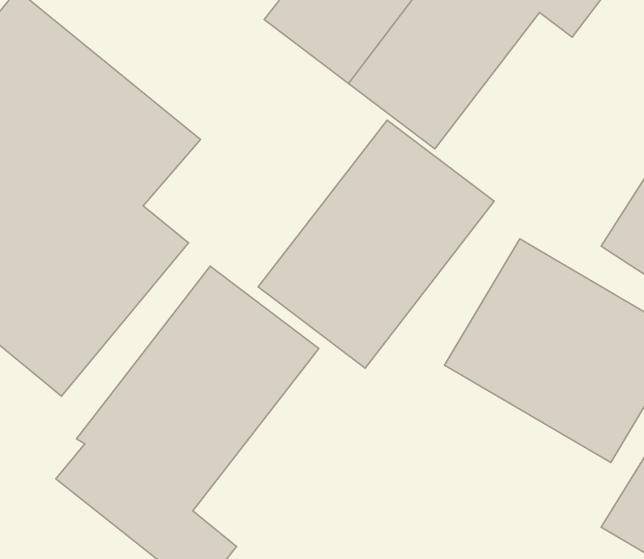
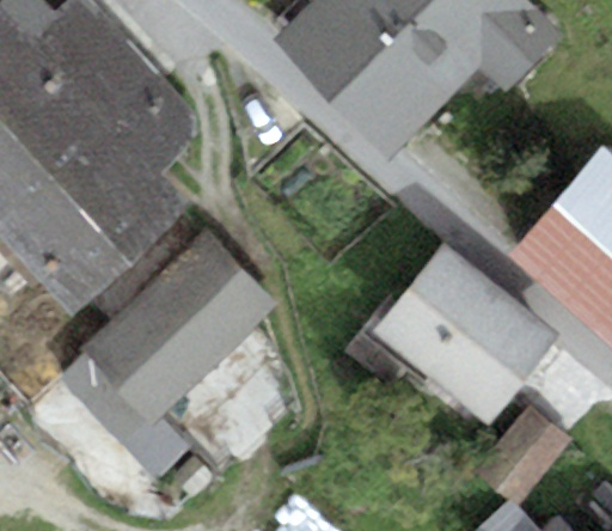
building: [258,120,494,368] -> none

